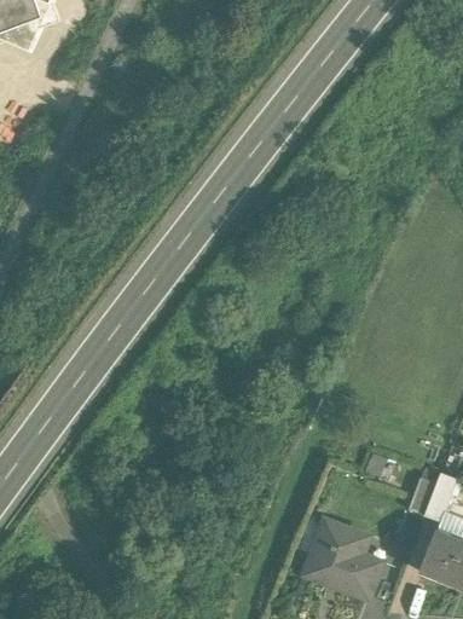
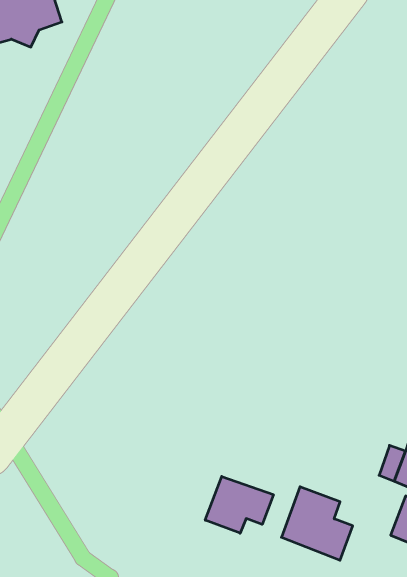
building: none -> [205,476,273,533]

